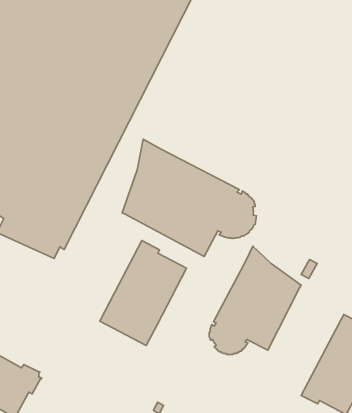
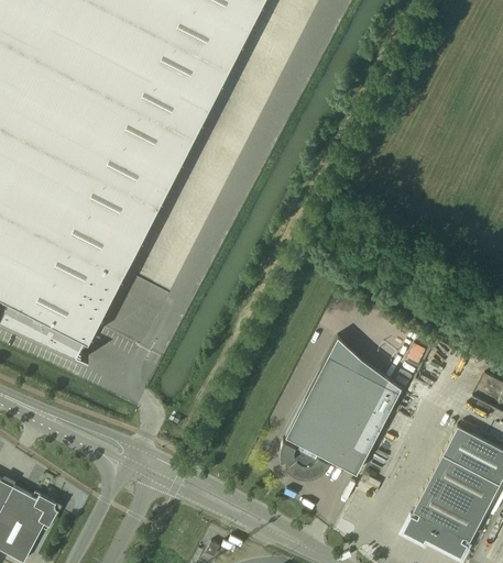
building: [122,139,257,256] -> none
building: [100,240,187,346] -> none

